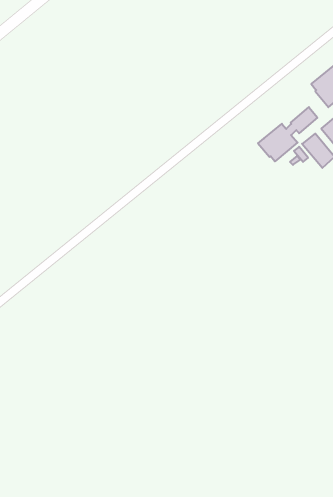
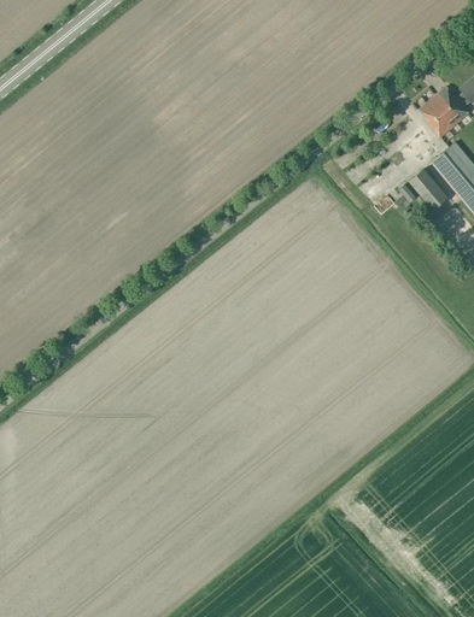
building: [258,107,317,161] -> none

